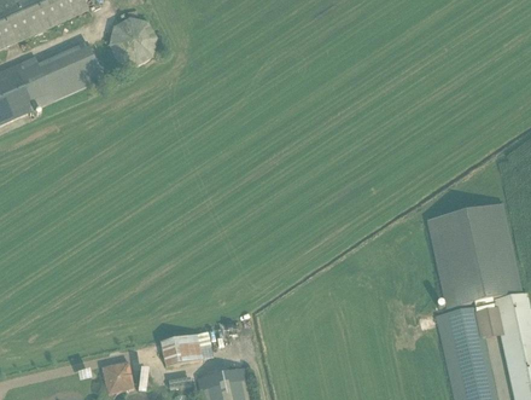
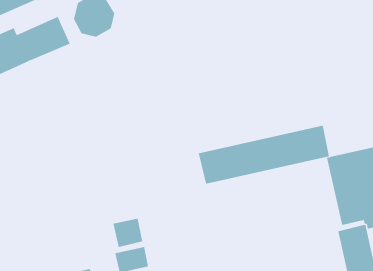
building: none -> [198,125,329,185]
building: none -> [113,218,143,248]

